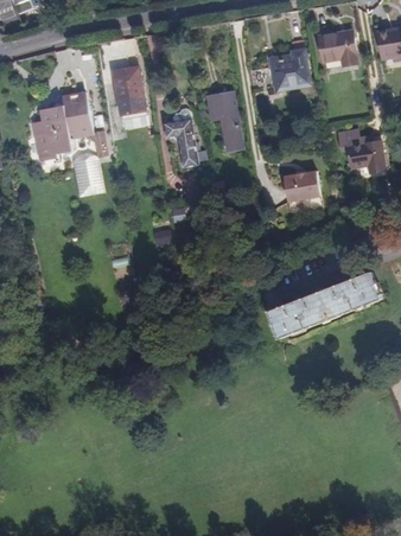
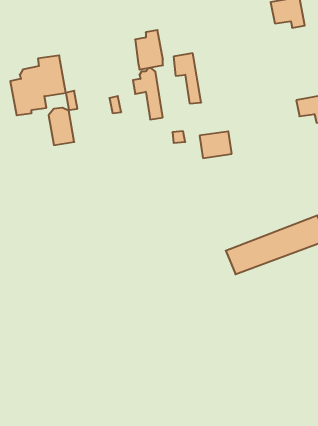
building: [272,39,308,89] -> none
building: [115,71,146,115] -> [135,30,163,70]
building: [284,172,319,202] -> [200,131,232,158]

